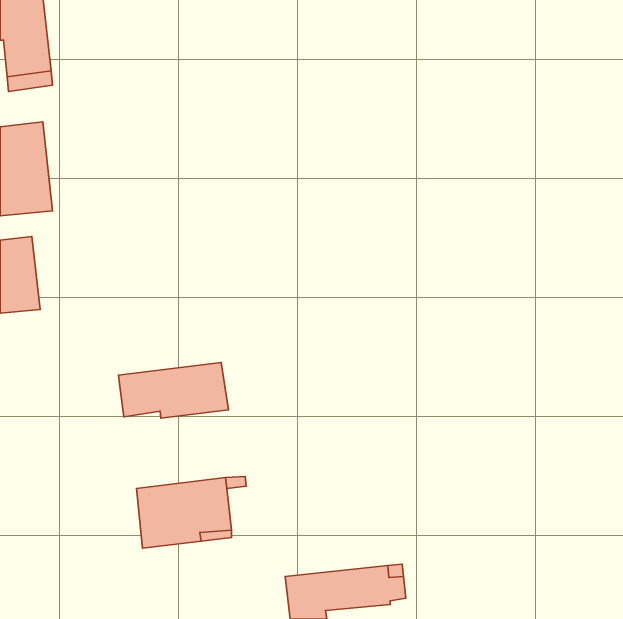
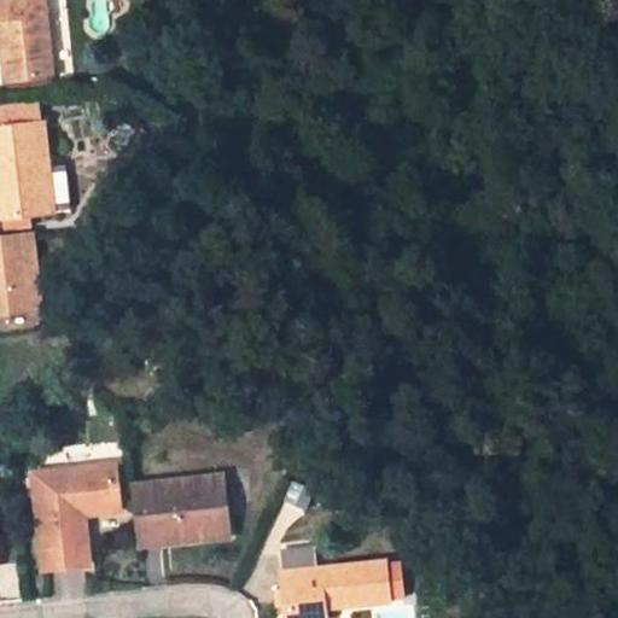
building: [118,362,229,418] -> none
building: none -> [34,462,119,566]

